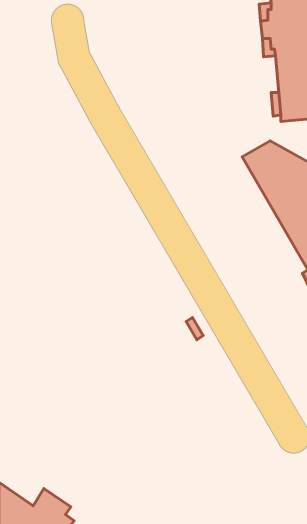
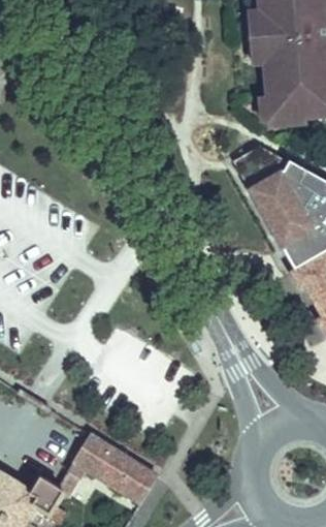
building: none -> [64,432,159,506]

